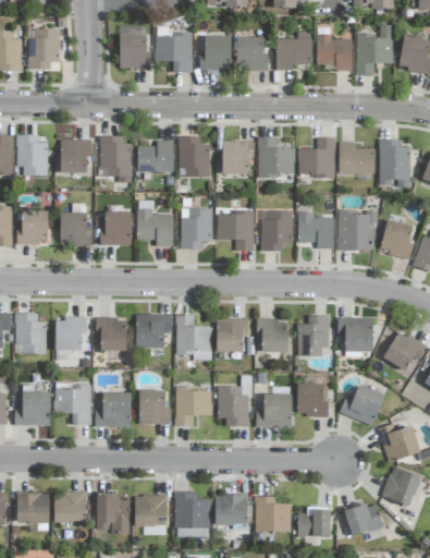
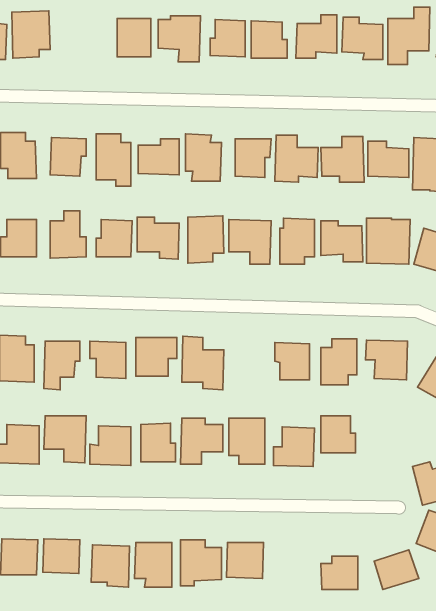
building: [216,318,247,352] -> none
building: [340,386,384,425] -> none
building: [255,496,291,532] -> none

